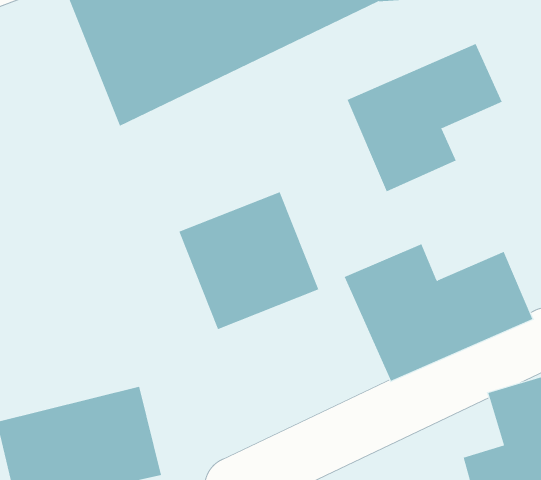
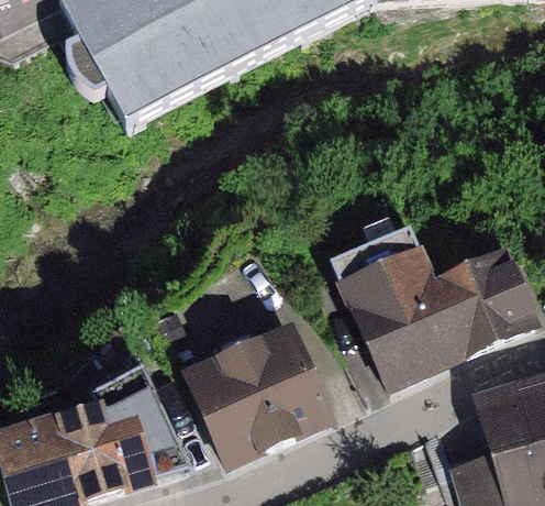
building: [347,43,503,192] -> none
building: [179,192,319,330] -> [192,322,331,459]

